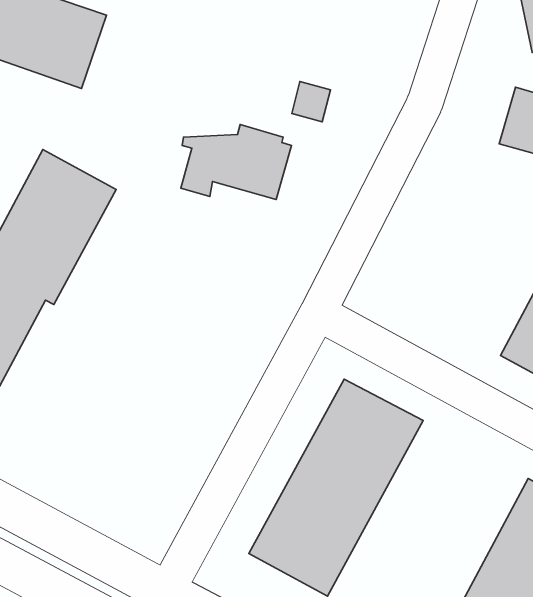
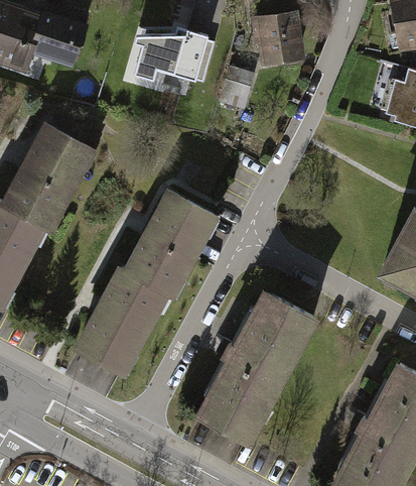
building: none -> [254,20,300,66]
building: [181,125,291,199] -> [133,32,214,87]
building: none -> [71,189,219,379]

